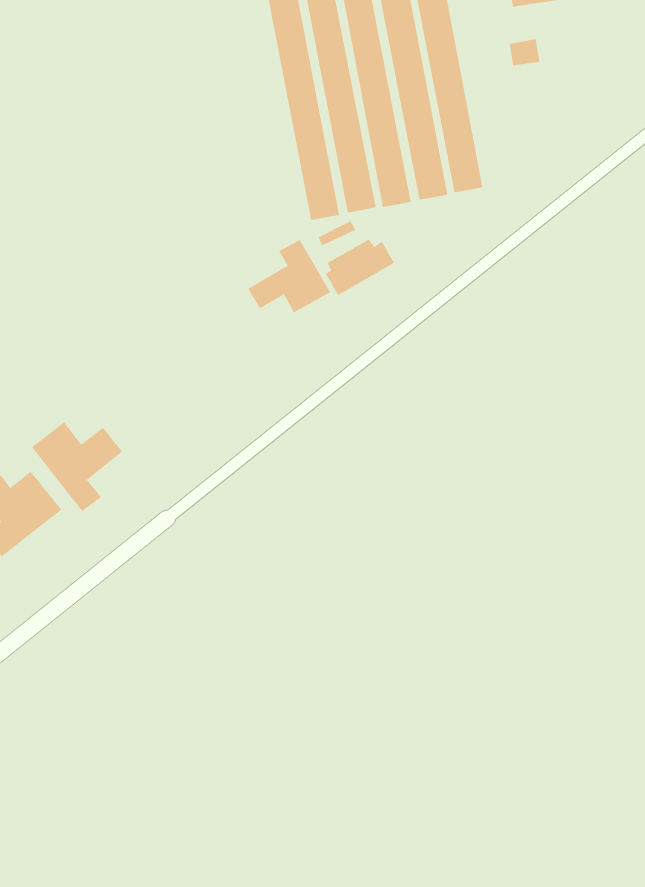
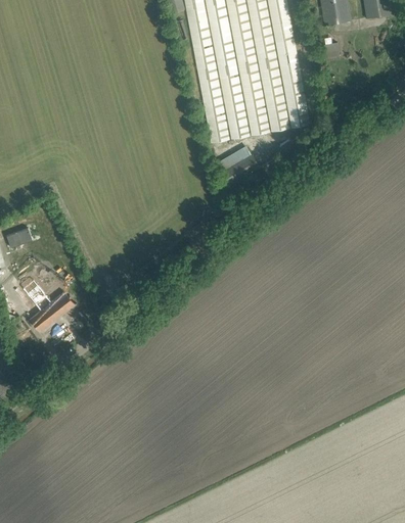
building: [247,239,331,313] -> none
building: [31,422,123,512] -> none

